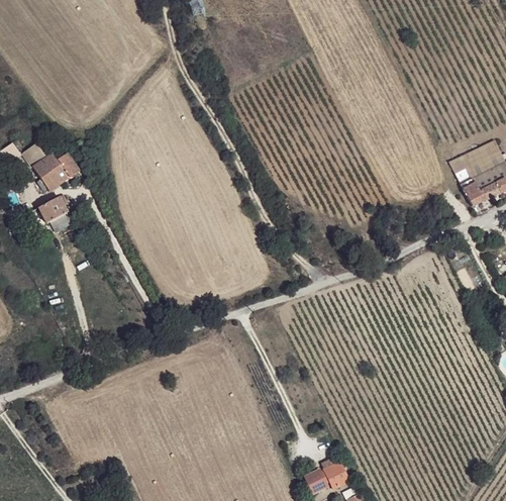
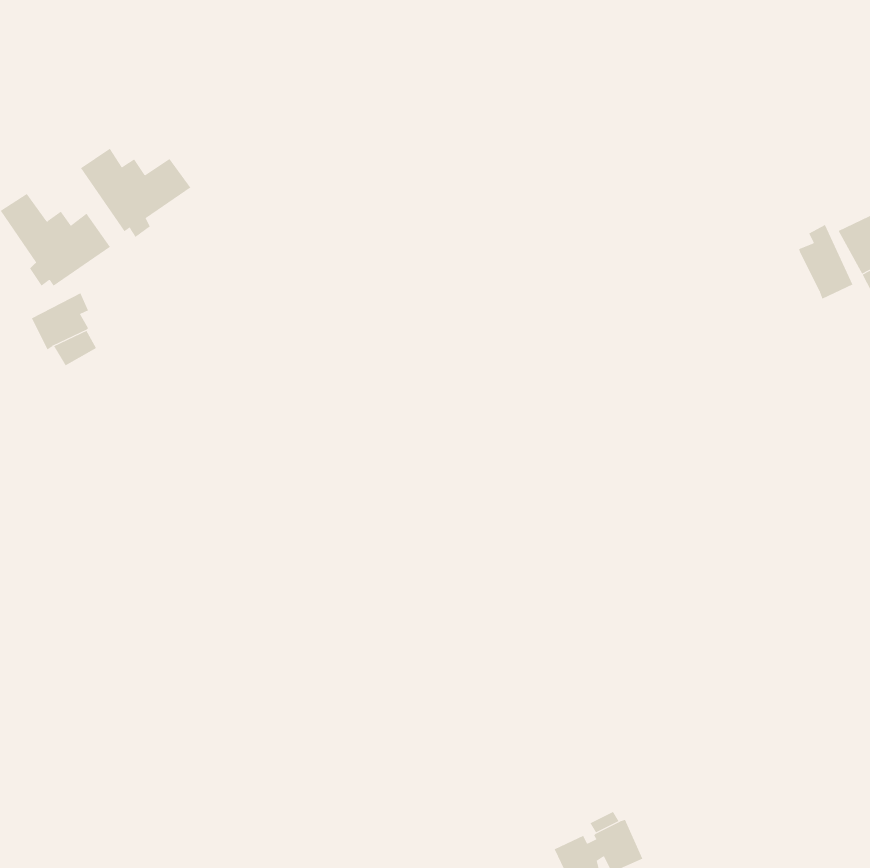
building: none -> [80,148,191,238]
building: none -> [799,224,853,300]

